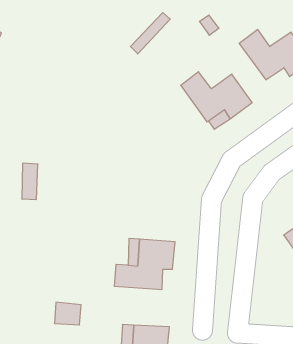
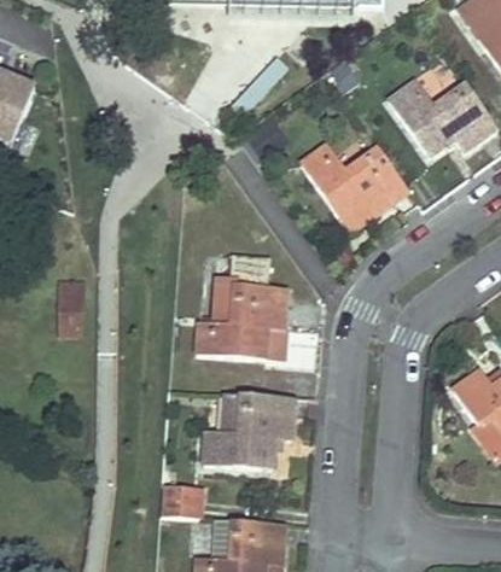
building: none -> [197,285,286,360]
building: [54,302,81,325] -> [161,485,200,519]

